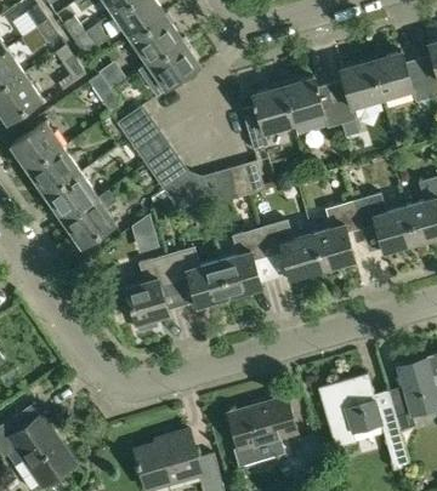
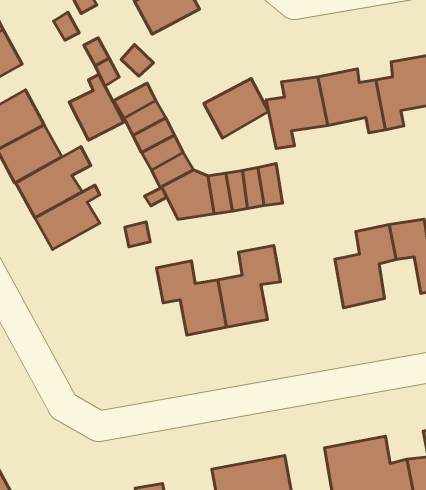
building: [143,41,197,92] -> [204,78,269,138]
building: none -> [69,74,124,140]
building: [260,219,322,280] -> none
building: [124,255,175,324] -> none

